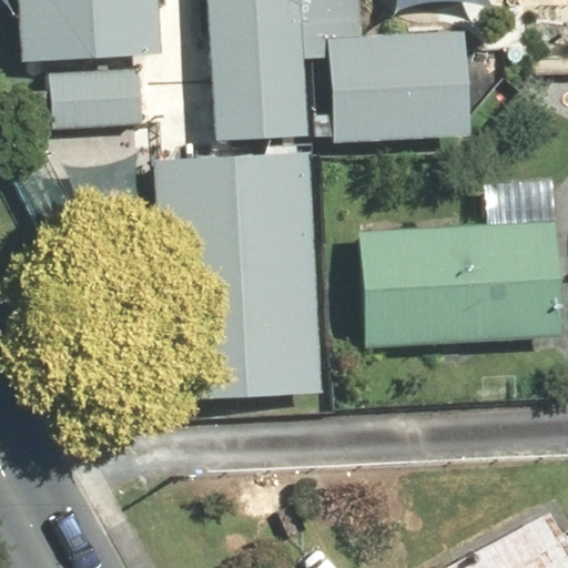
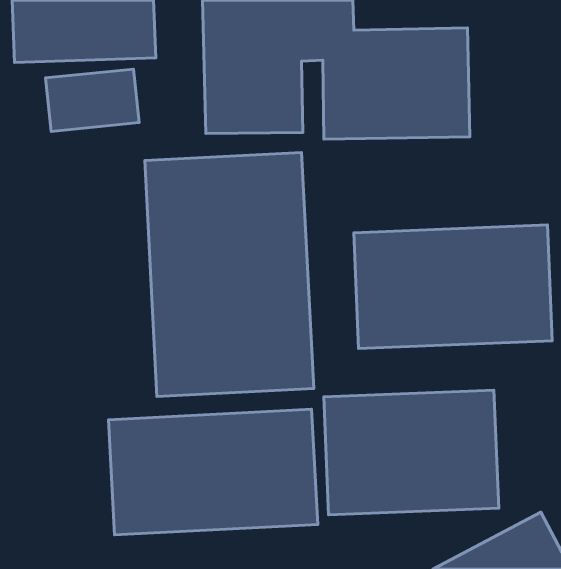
building: none -> [324,390,499,515]
building: none -> [108,409,318,535]

